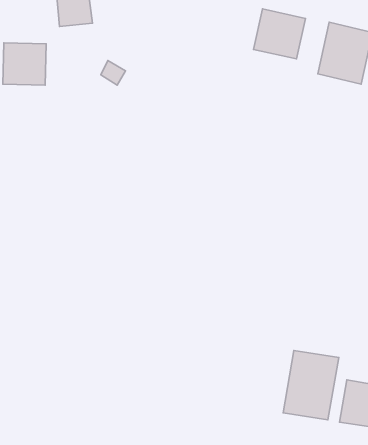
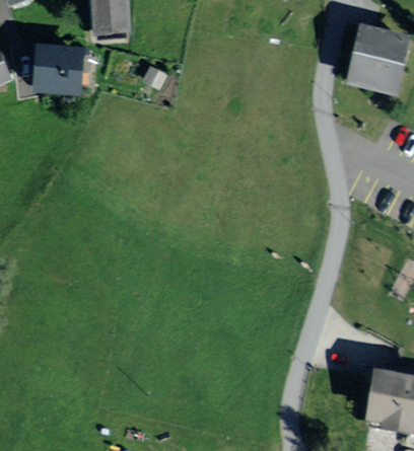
building: [254,9,305,59] -> none
building: [283,351,339,420] -> none

